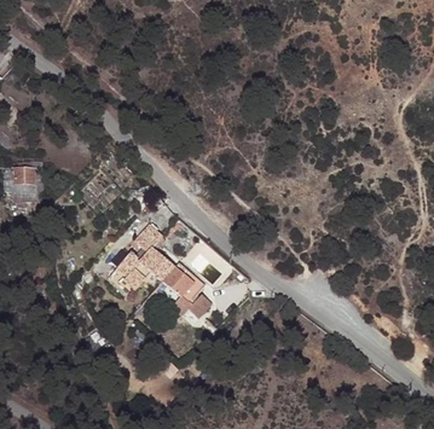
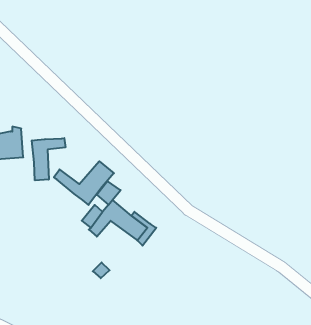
building: none -> [32,138,65,180]
building: none -> [54,161,114,205]

